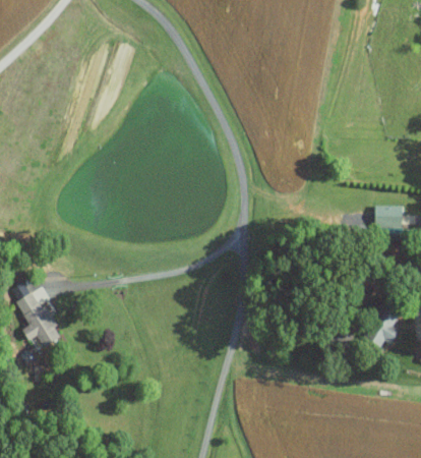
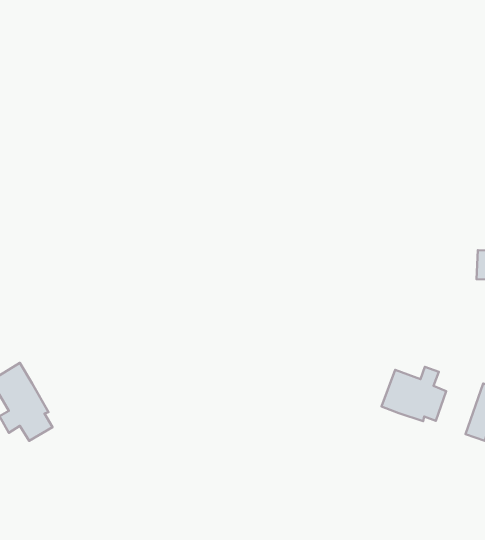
building: none -> [381,367,446,421]

